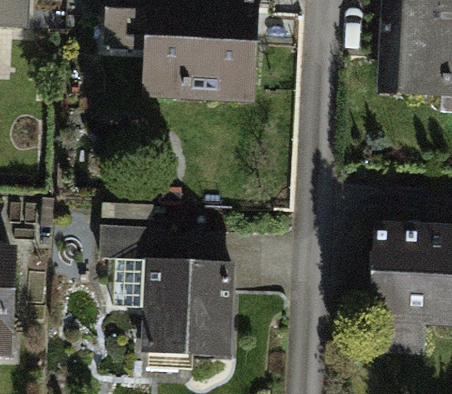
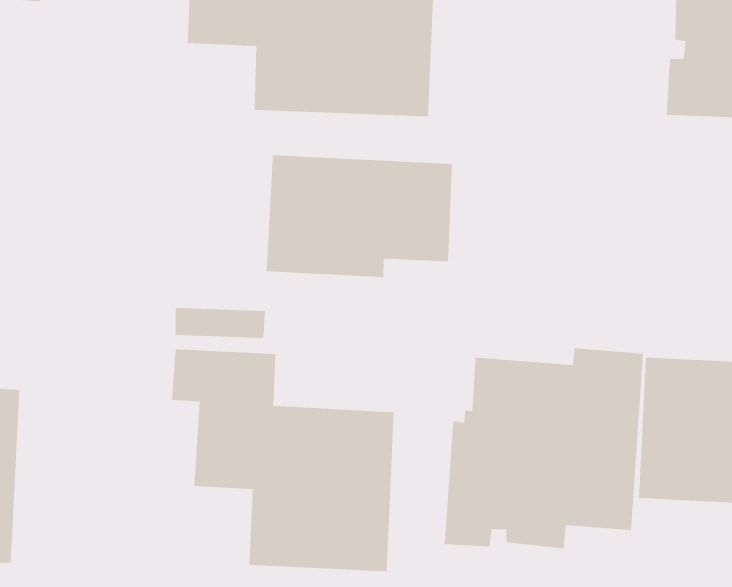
building: none -> [266,154,453,278]
building: none -> [444,347,643,549]

